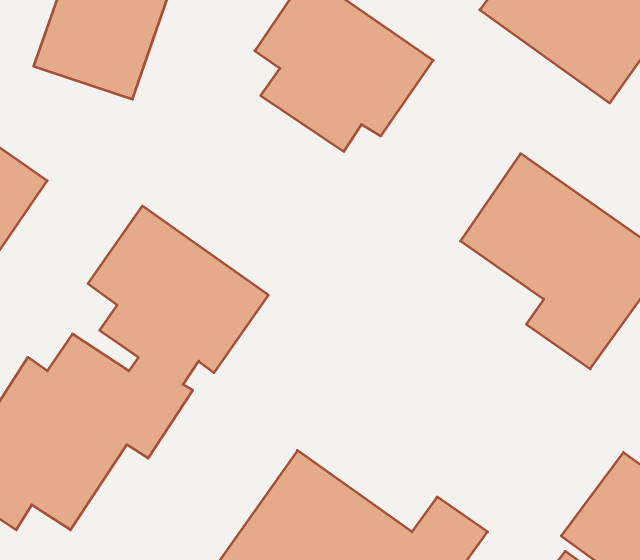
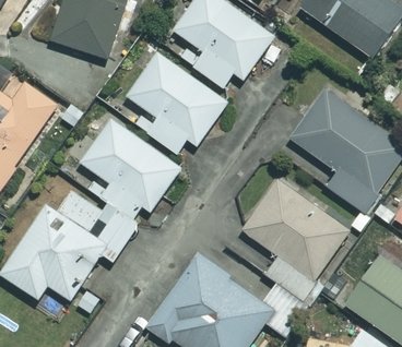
building: none -> [127,52,228,153]
building: none -> [241,180,353,301]

